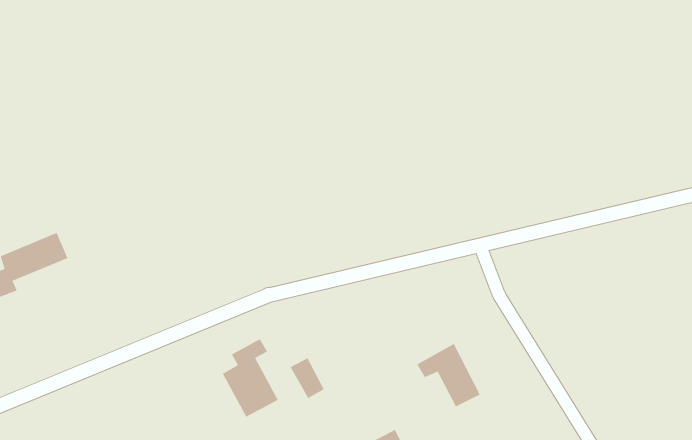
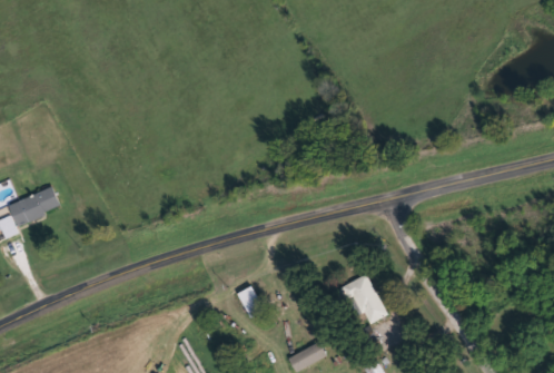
building: [222,338,279,418] -> none

